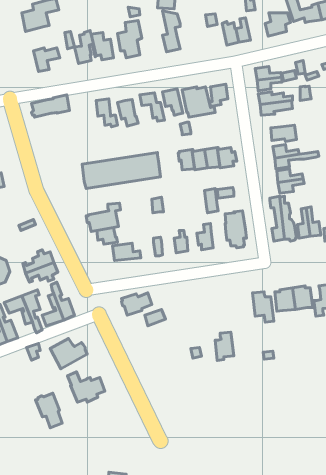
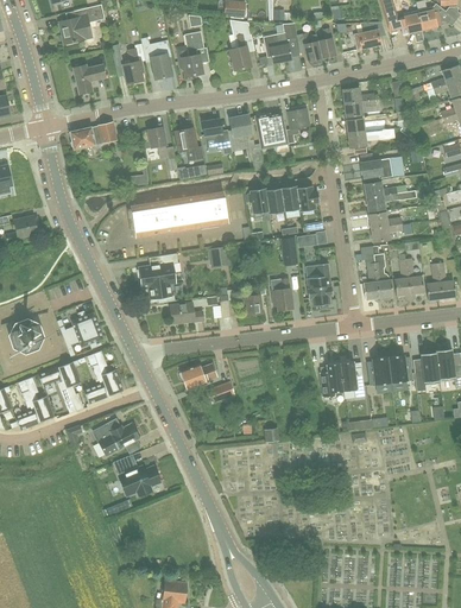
building: none -> [261,34,291,63]
building: [215,332,234,361] -> [320,362,342,397]
building: [36,393,62,428] -> none

